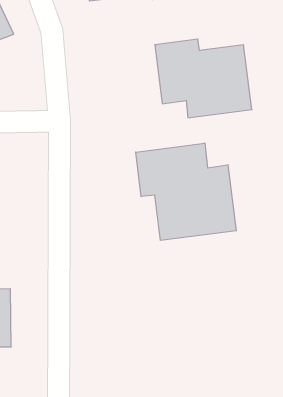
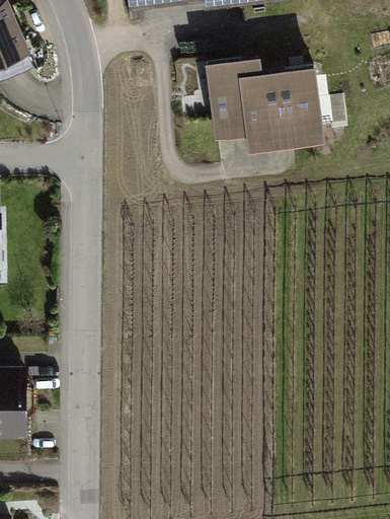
building: [136,143,236,240] -> none

